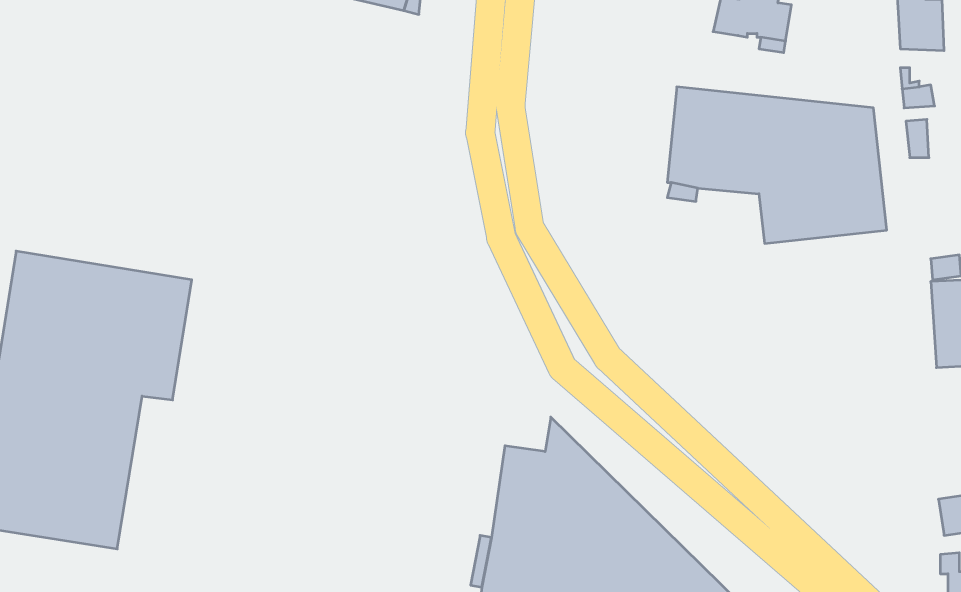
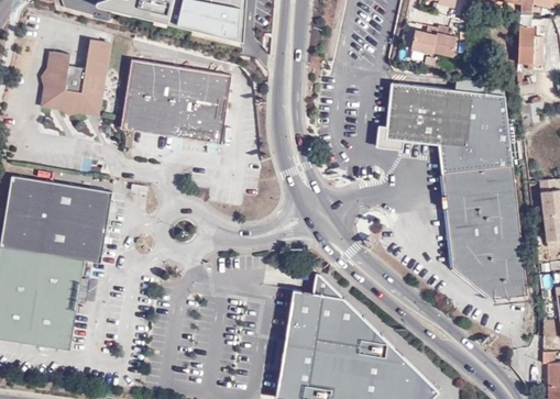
building: none -> [42,42,109,113]
building: none -> [120,60,232,144]
building: none -> [441,166,527,299]

